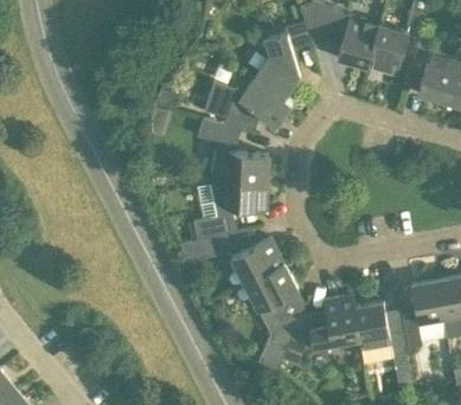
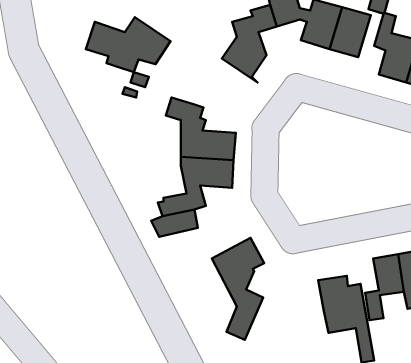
building: [203,78,290,135] -> [86,17,170,72]
building: [230,238,283,285] -> none
building: [282,296,359,366] -> none

